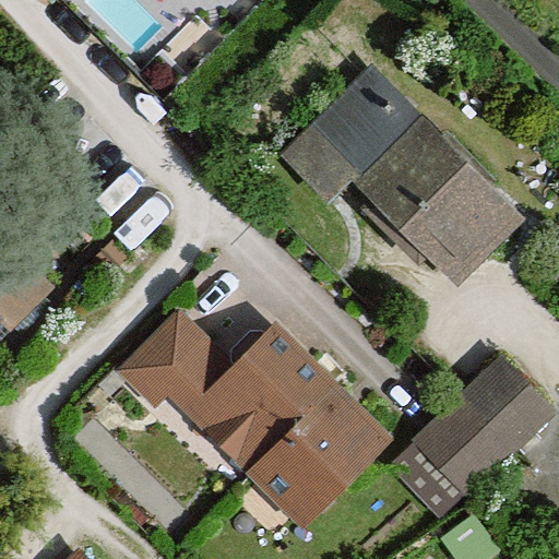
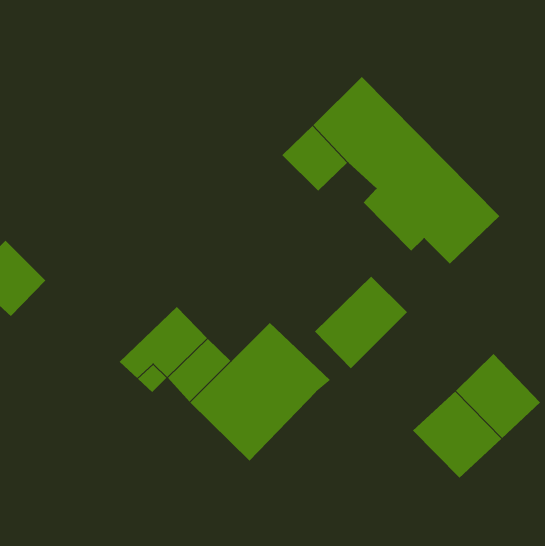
building: none -> [314,276,408,369]
building: [254,400,385,519] -> none

